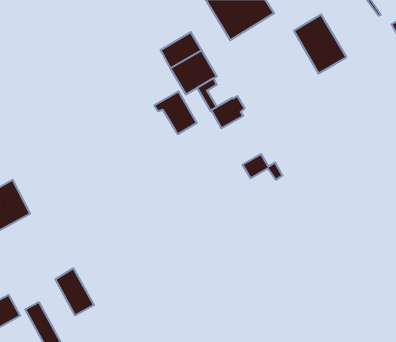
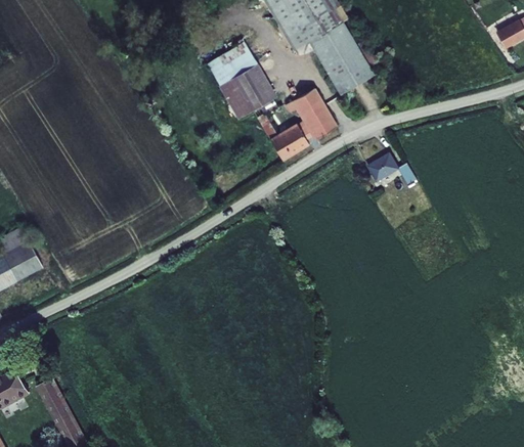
building: [294,14,346,73] -> [308,20,374,94]
building: [154,91,197,134] -> [283,87,337,140]
building: [242,154,283,180] -> [365,152,416,184]
building: [55,268,94,315] -> none

